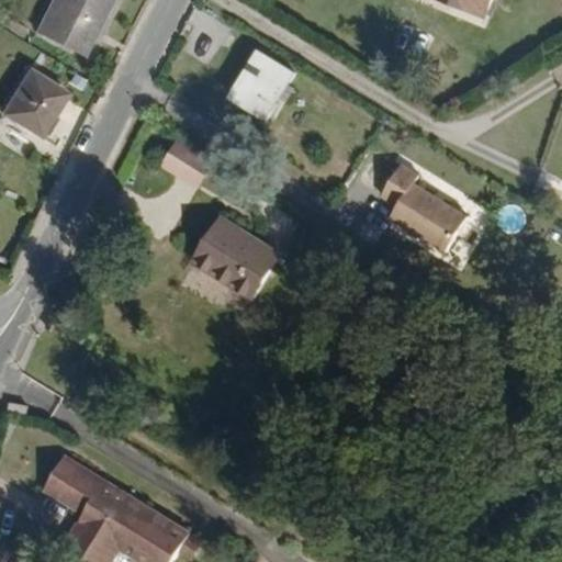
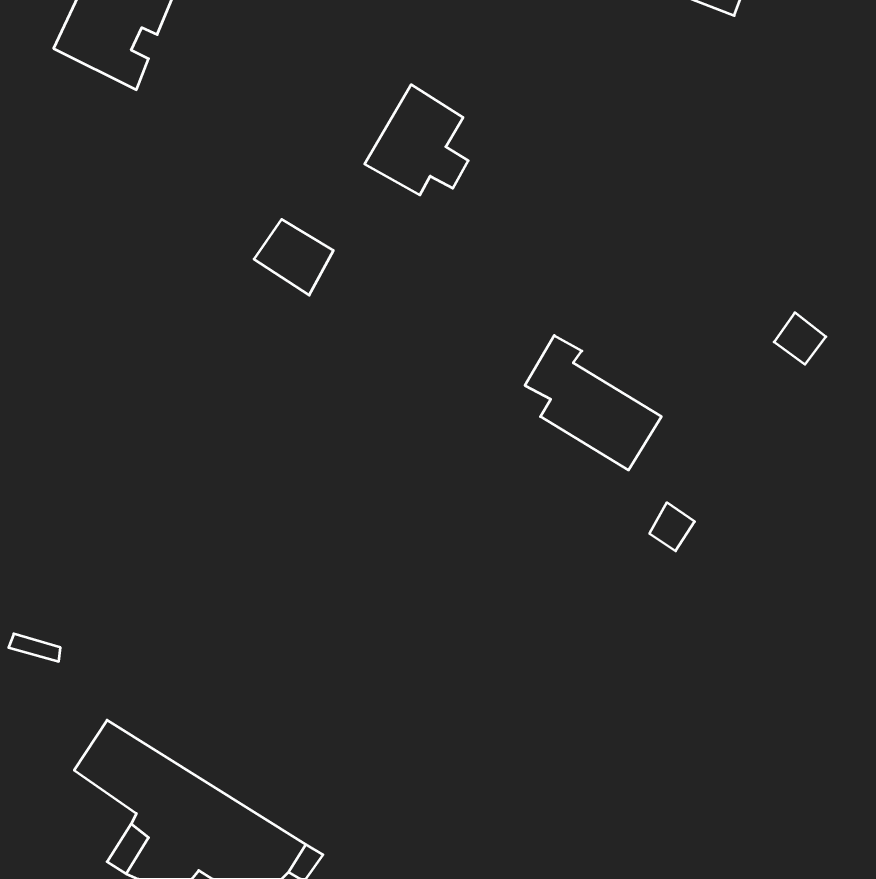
building: [4,69,66,135] -> none
building: [375,159,462,245] -> [525,335,661,470]
building: [195,220,282,297] -> none

